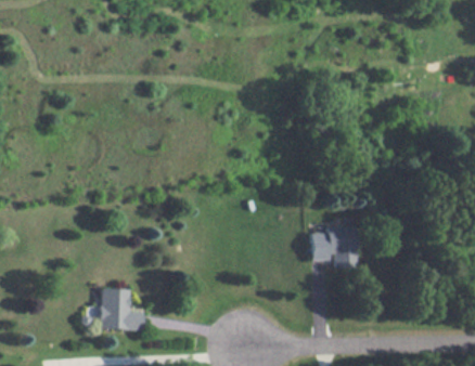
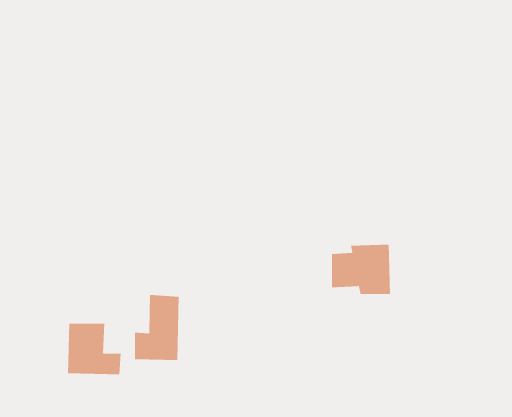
building: none -> [135,294,179,361]

